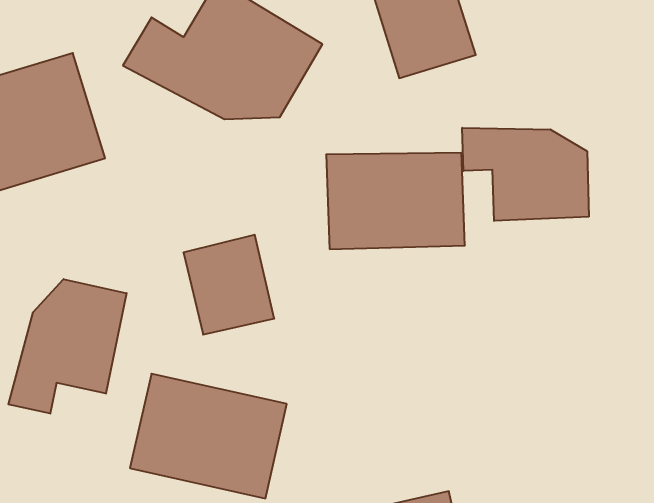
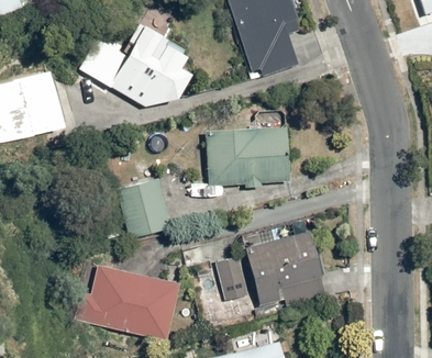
building: [462,128,589,221] -> none
building: [8,279,127,414] -> none
building: none -> [214,233,324,309]

